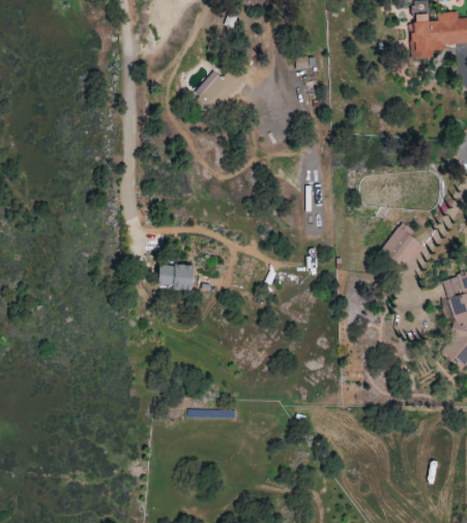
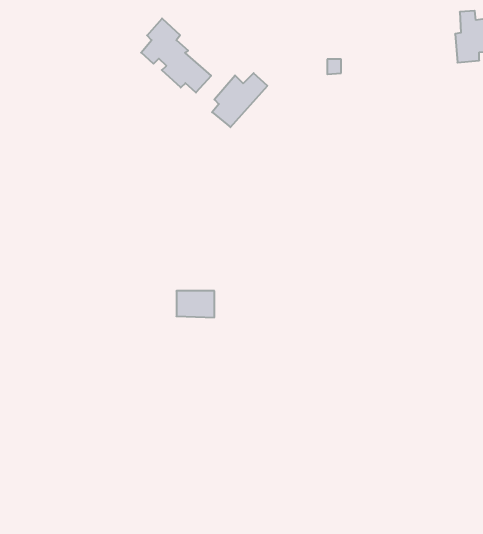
building: none -> [141,18,211,93]
building: [381,224,422,266] -> none

